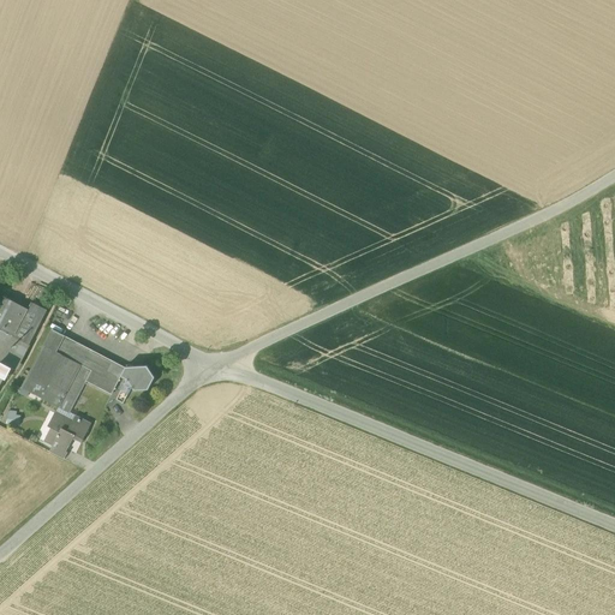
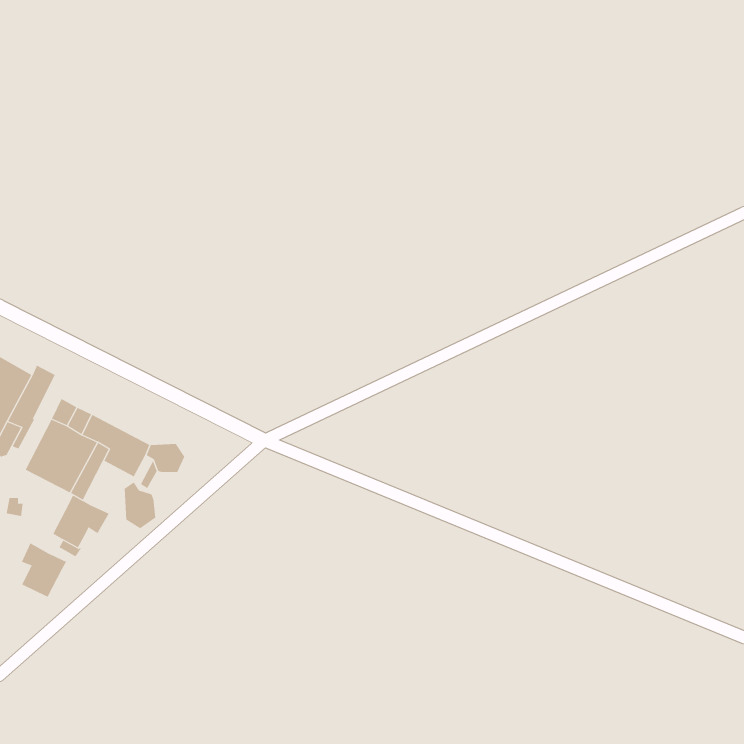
building: none -> [124,482,156,529]
building: none -> [21,542,67,598]

